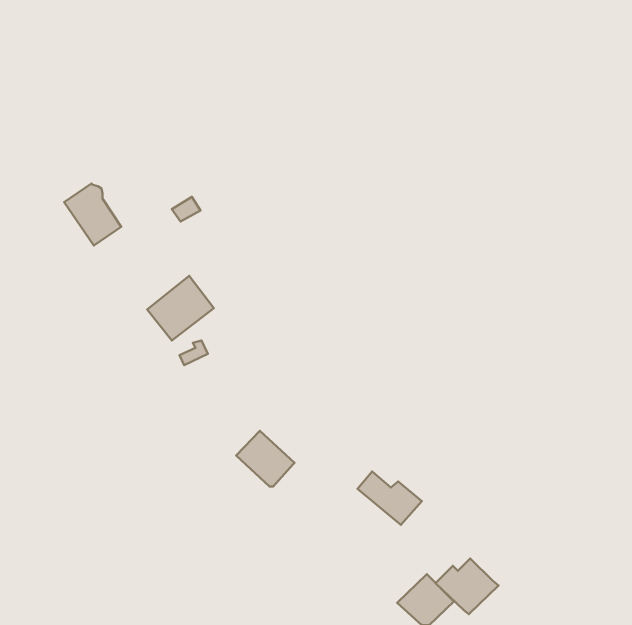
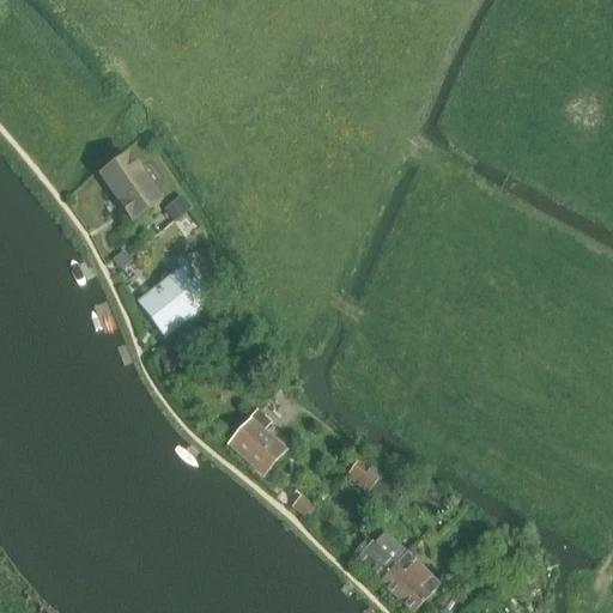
building: [64,184,121,246] -> [104,154,159,214]
building: [436,558,499,614] -> [352,529,413,583]

